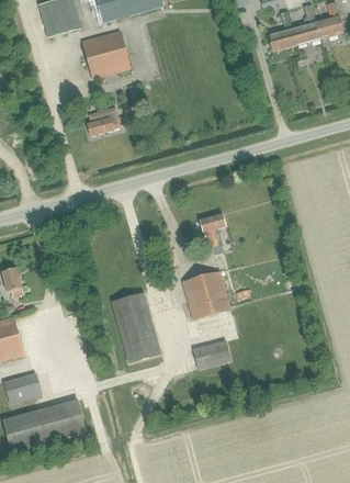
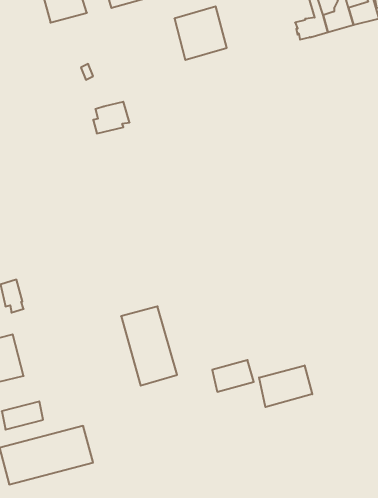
building: [82,30,129,78] -> [174,6,227,60]
building: [199,213,225,246] -> none
building: [182,270,230,318] -> none
building: none -> [259,365,312,407]

